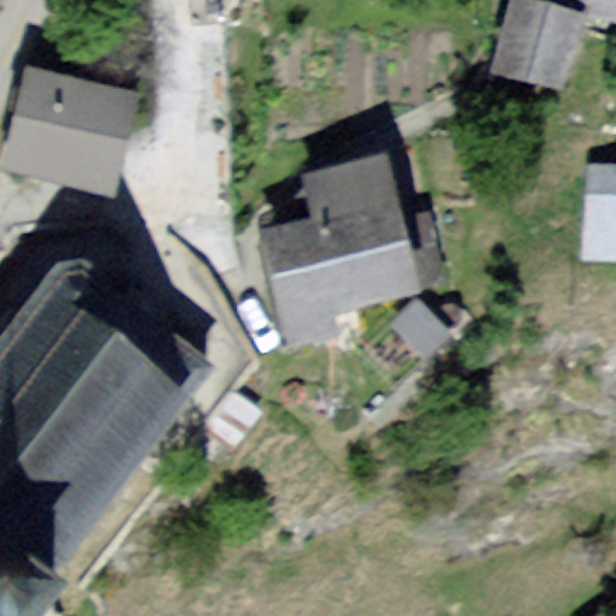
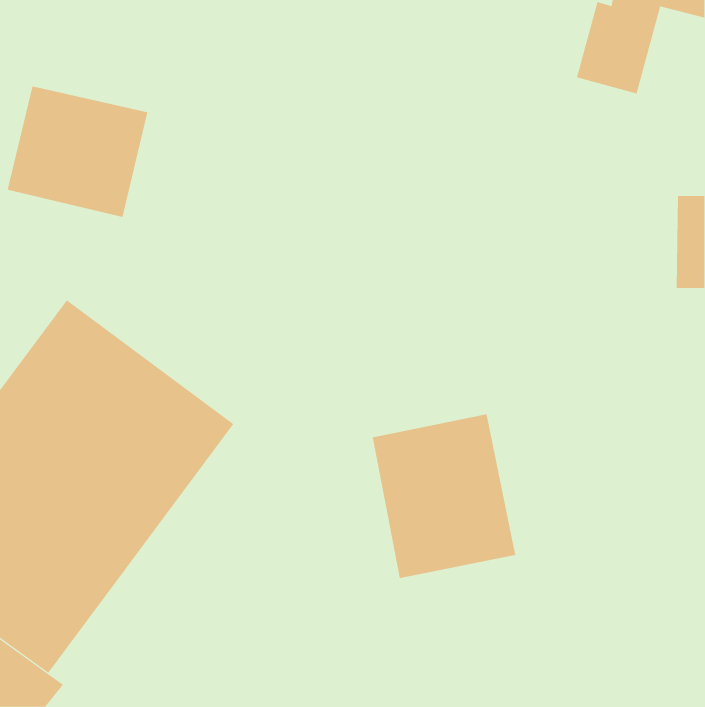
building: [265,159,407,340] -> none
building: none -> [372,413,516,579]

